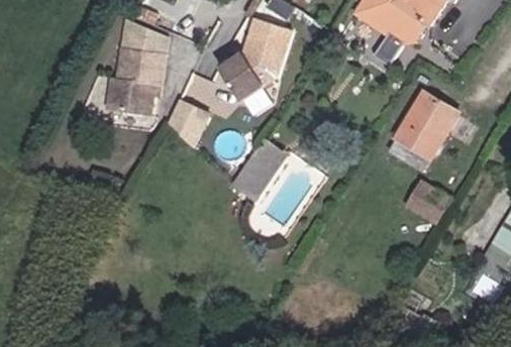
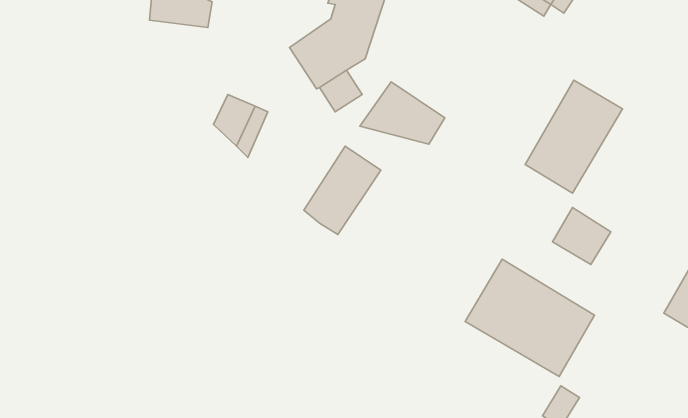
building: [110,49,165,114] -> none
building: none -> [360,82,445,144]
building: none -> [465,259,595,377]

